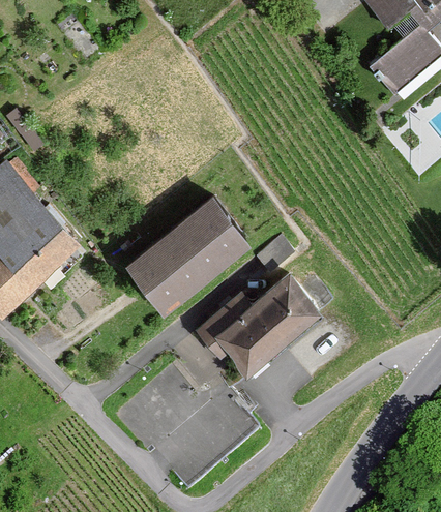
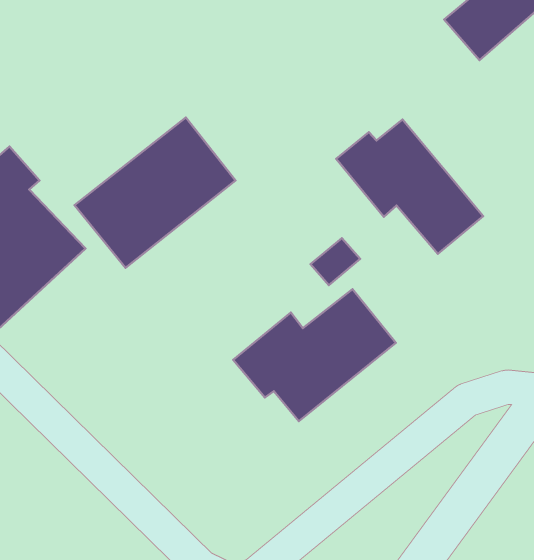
building: none -> [336,120,483,254]
building: [124,199,252,318] -> [74,118,235,268]

